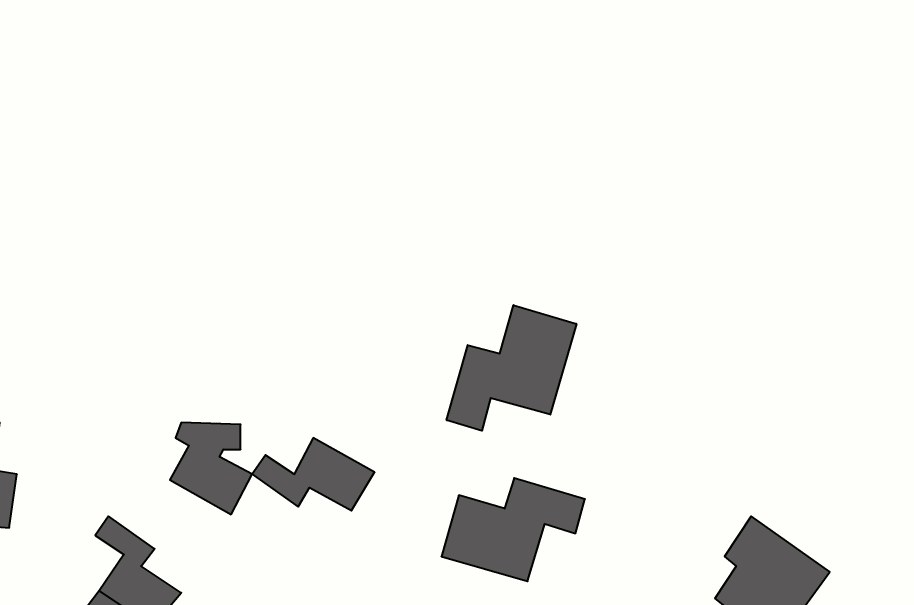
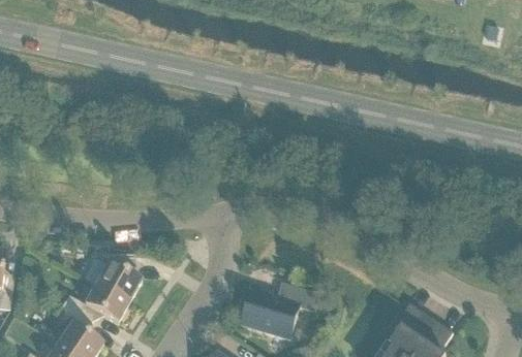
building: [447,305,576,431] -> none
building: [252,438,375,511] -> [62,282,128,321]

